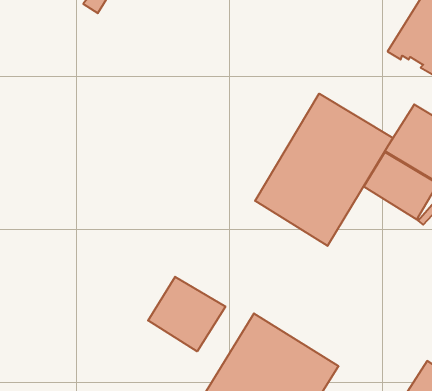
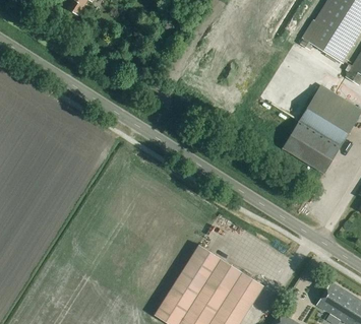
building: [255,94,393,246] -> none
building: [148,277,225,351] -> none

